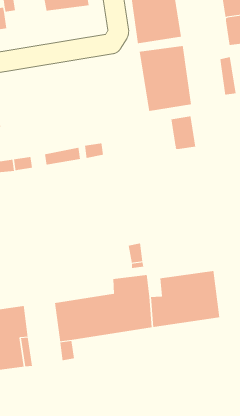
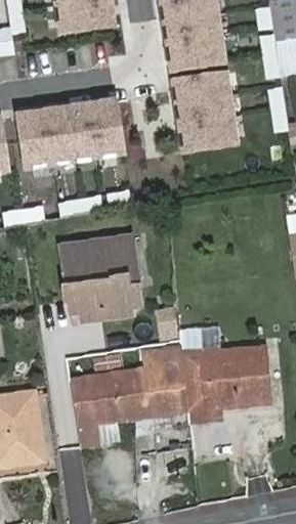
building: none -> [18,99,124,166]
building: [171,115,196,150] -> none
building: none -> [68,234,142,324]

